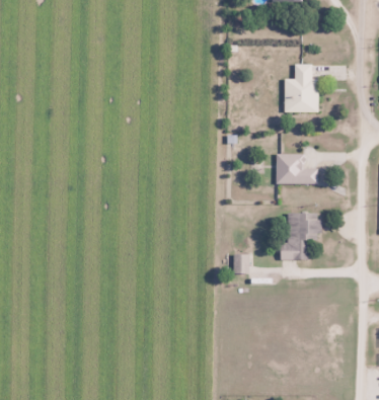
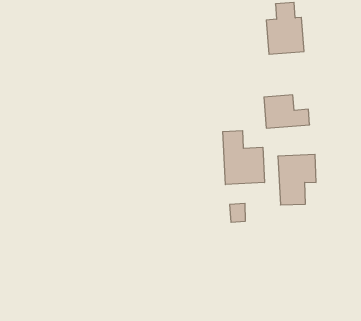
building: none -> [223,131,264,185]

